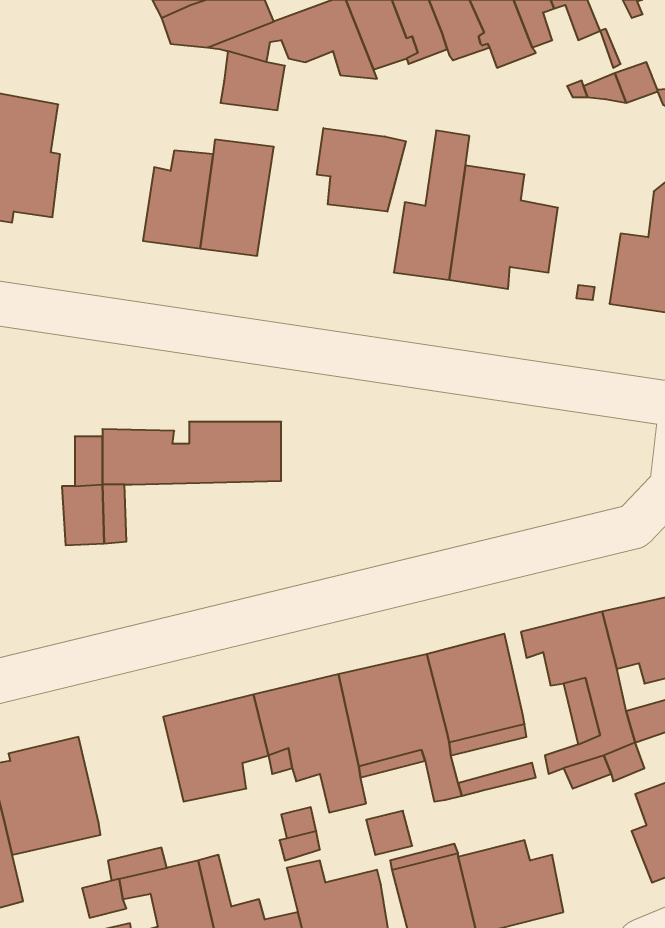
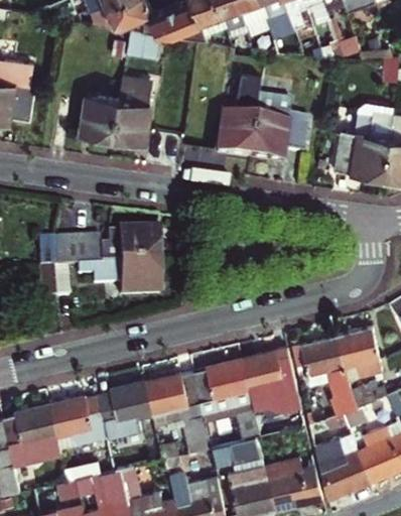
building: [317,128,406,212] -> none
building: none -> [79,264,160,294]
building: none -> [49,393,107,452]
building: none -> [310,432,363,499]

